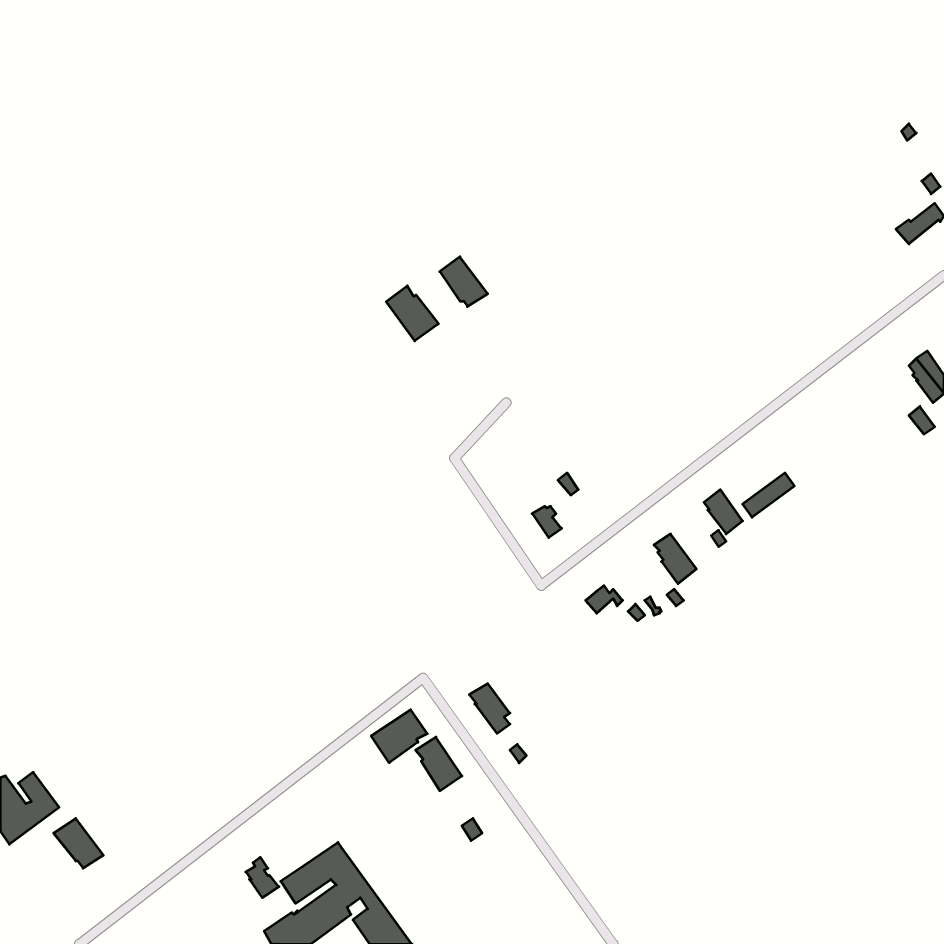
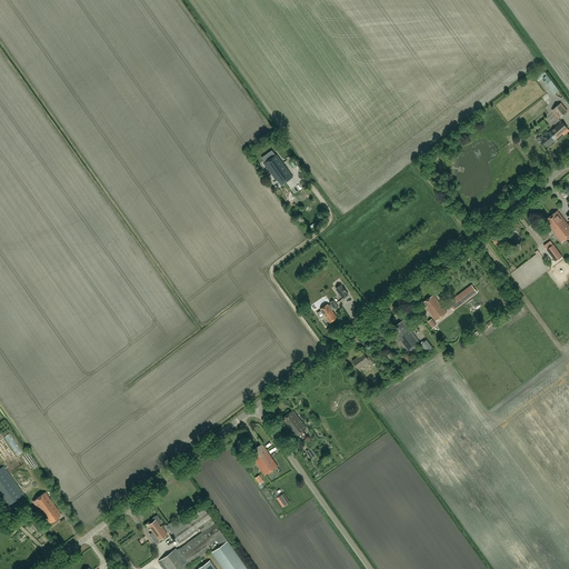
building: [386,286,438,341] -> none
building: [371,710,427,763] -> none

